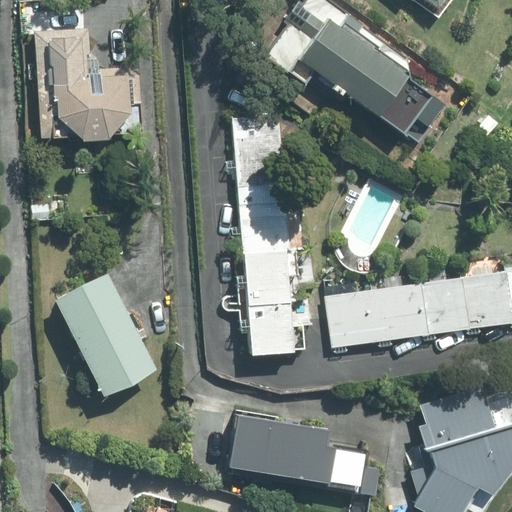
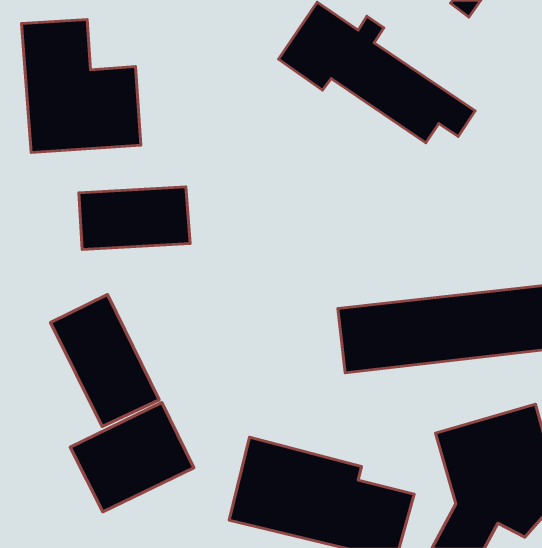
building: [238,116,300,358] -> none
building: none -> [79,187,190,250]
building: none -> [70,402,194,512]

